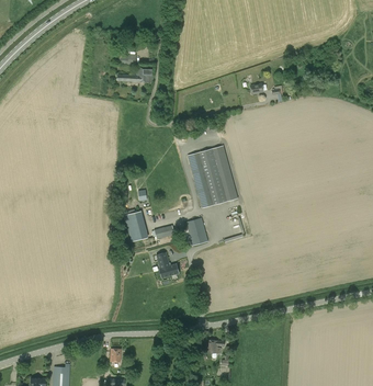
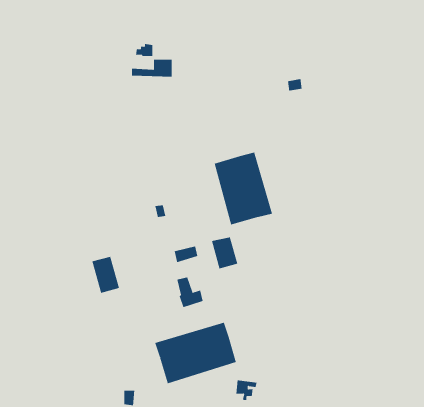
building: [124,209,148,241] -> [91,256,120,293]
building: none -> [155,322,236,384]

